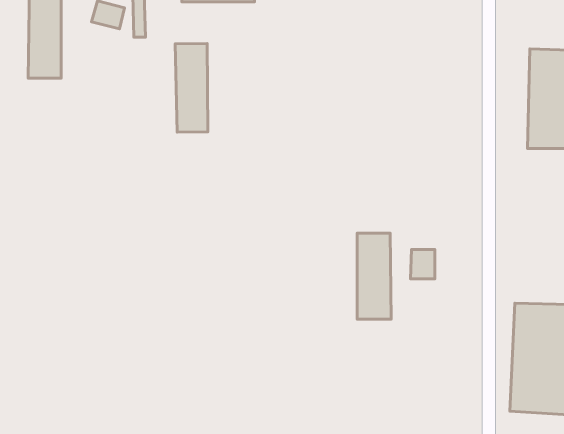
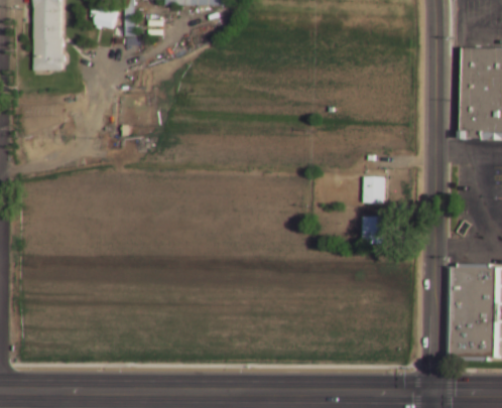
building: [175,44,208,132] -> none
building: none -> [364,177,385,202]
building: [357,233,391,319] -> none

